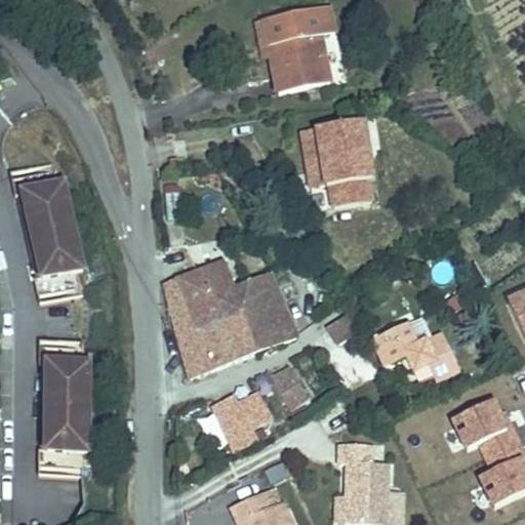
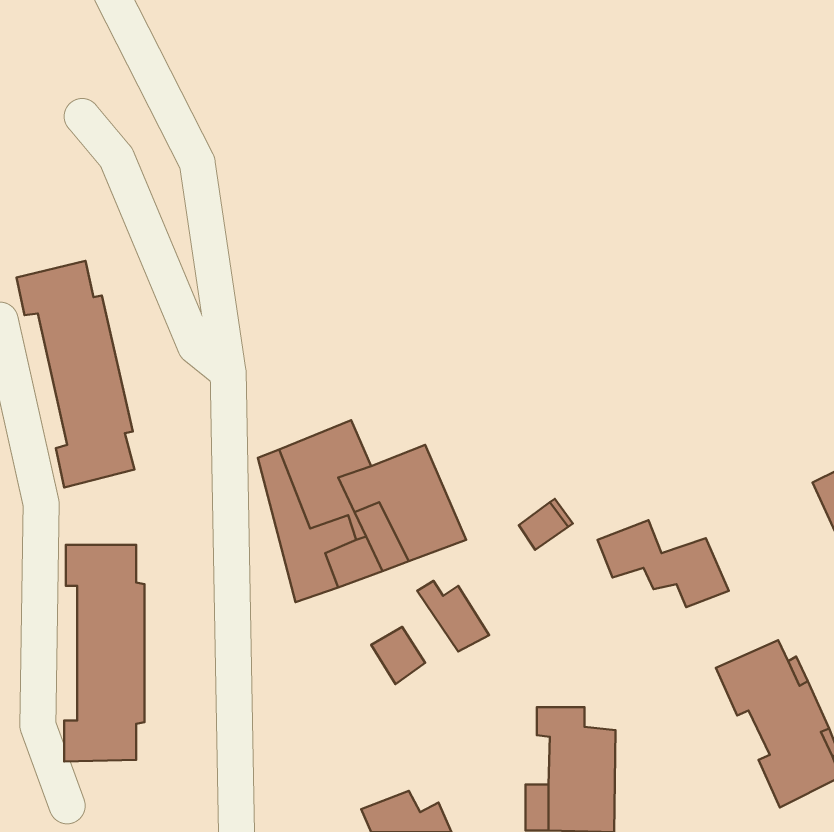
building: [259,9,327,92] -> none
building: [308,110,367,198] -> none
building: [216,396,257,450] -> none

